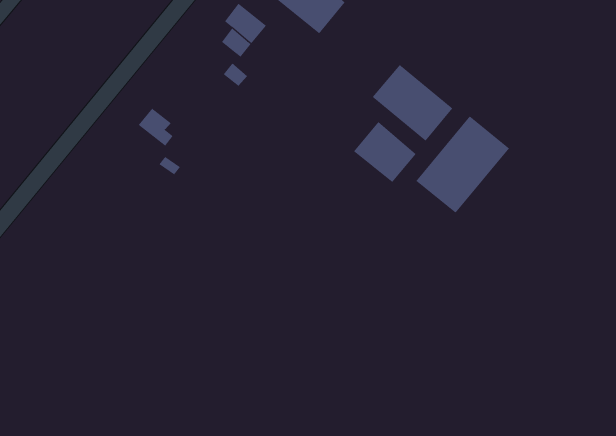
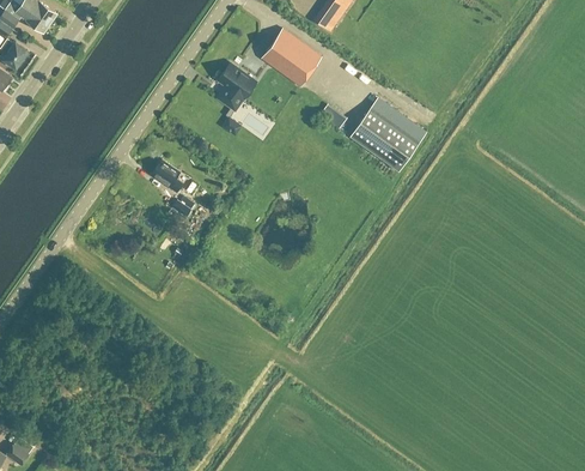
building: [416,115,510,214] -> none
building: [353,121,417,183] -> none

